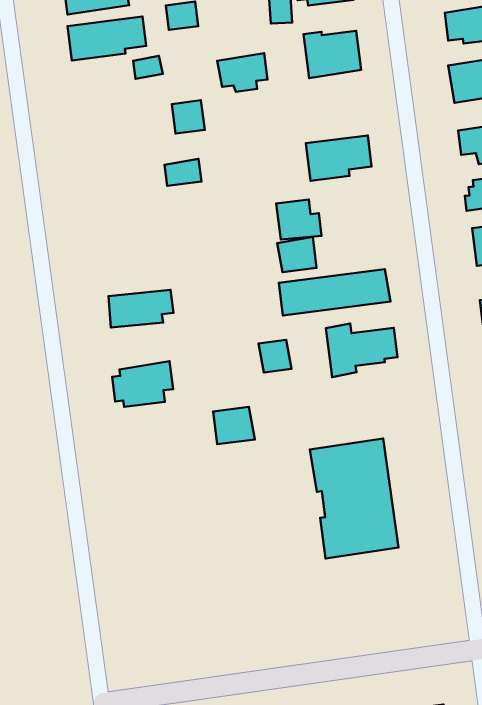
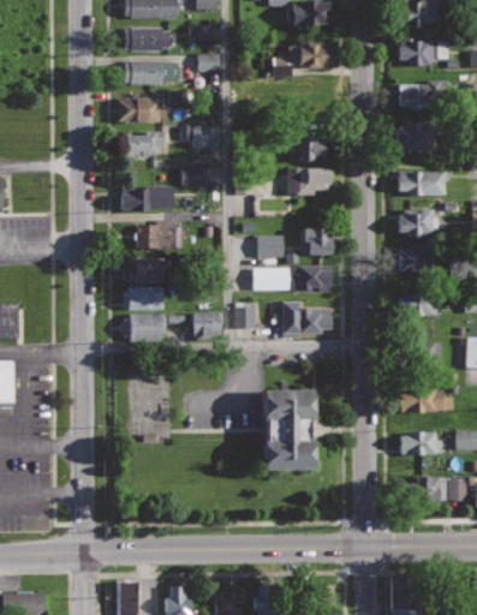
building: [217,53,268,92] -> [290,136,324,161]
building: none -> [118,97,167,124]
building: none -> [120,130,166,157]
building: none -> [120,185,175,210]
building: [276,199,322,239] -> [302,228,332,256]
building: none -> [136,219,184,250]
building: none -> [123,286,165,311]
building: [213,407,255,444] -> [192,314,220,338]

